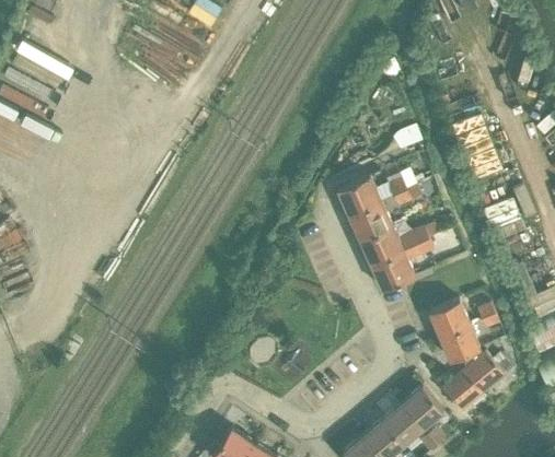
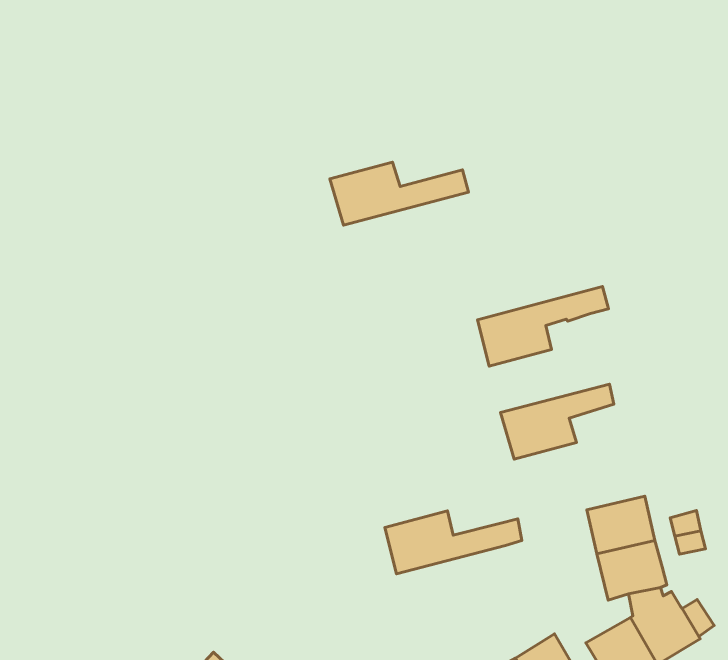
building: [336,173,416,215] -> [330,162,469,225]
building: [359,223,438,266] -> [385,511,522,574]

